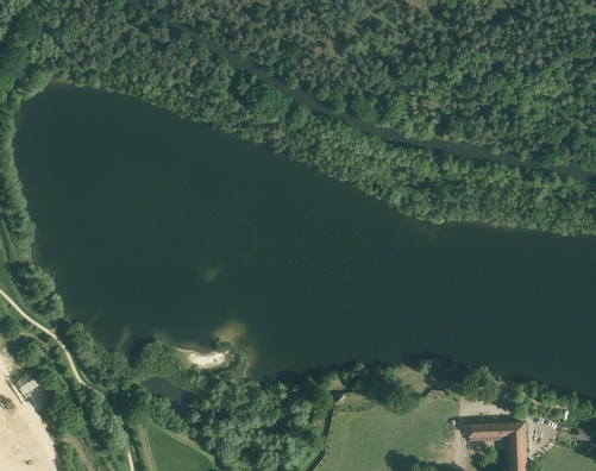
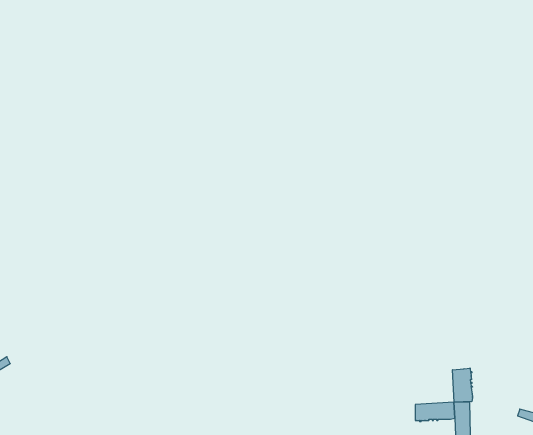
building: none -> [453,368,472,402]

